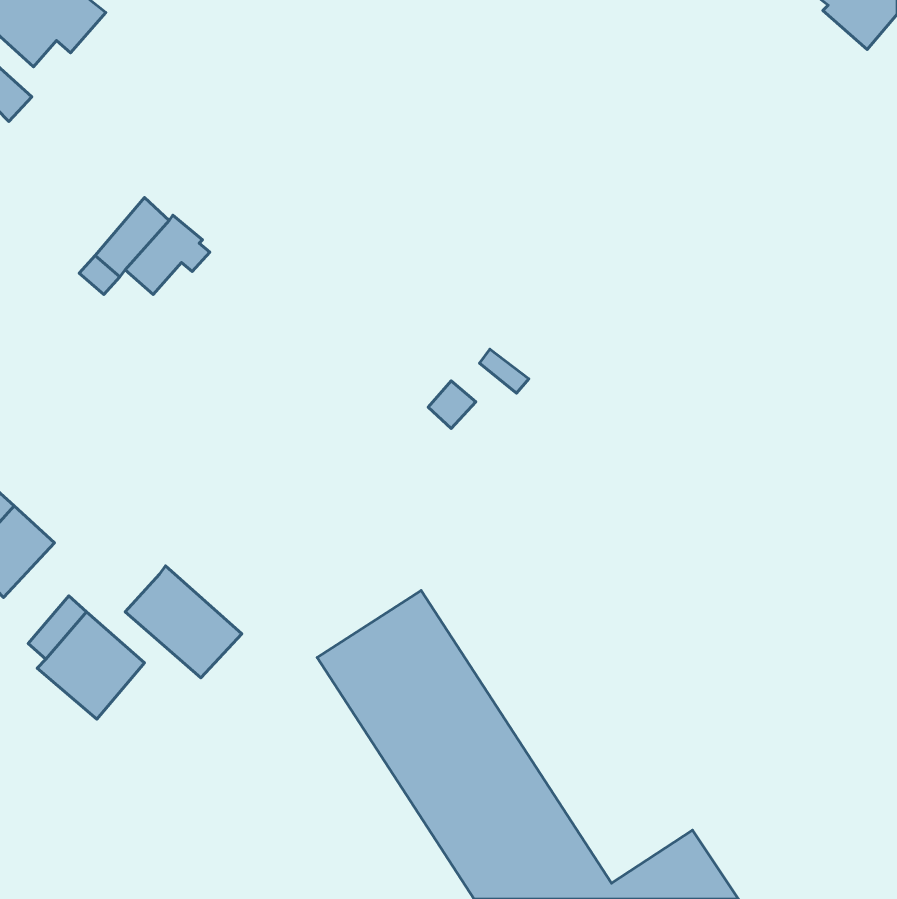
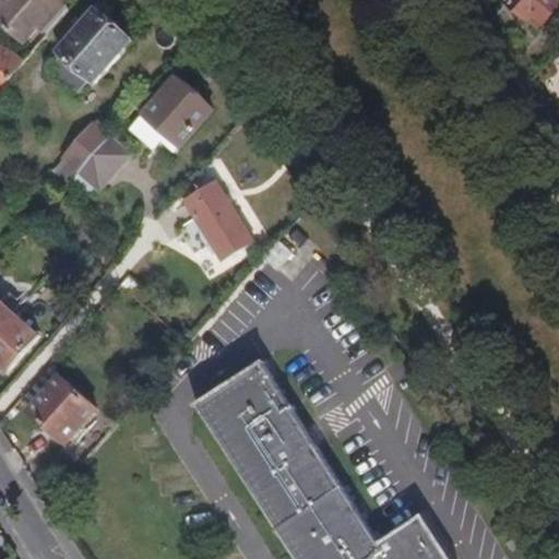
building: none -> [50,7,128,88]
building: none -> [140,76,209,146]
building: none -> [185,180,257,260]
building: [125,566,242,678] -> none

